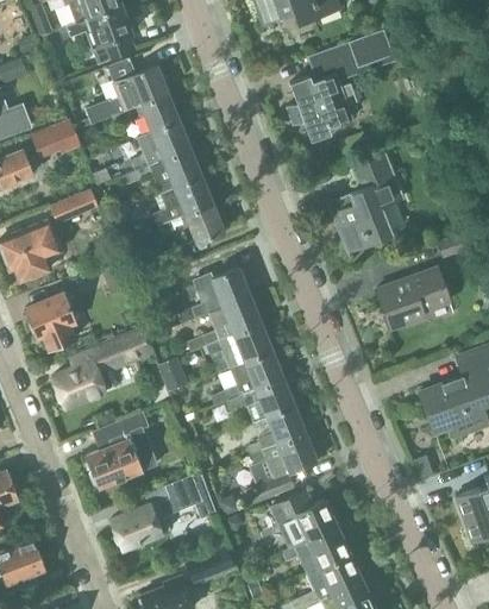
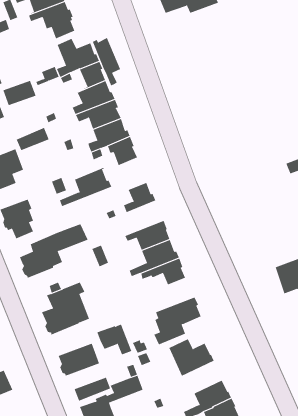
building: [288,30,393,140] -> none
building: none -> [92,37,121,86]
building: [334,155,403,252] -> none
building: [377,266,451,329] -> none
building: [187,295,263,352] -> [59,167,112,207]
building: [246,407,307,457] -> none
building: [282,527,346,573] -> none
building: none -> [74,377,111,402]

